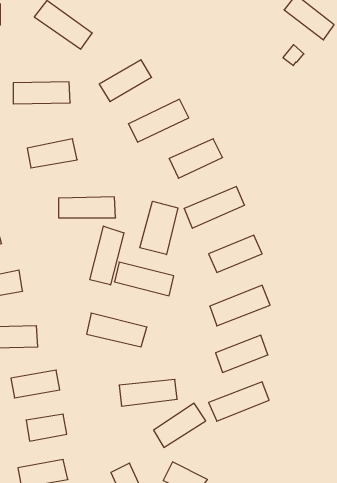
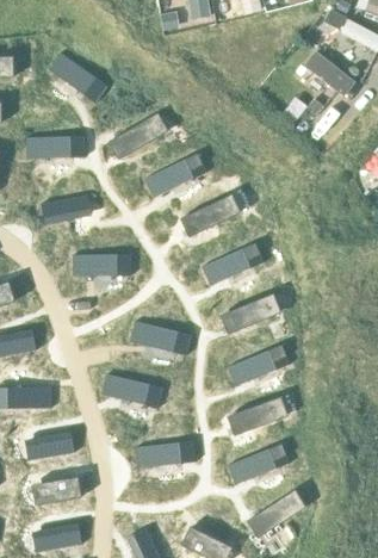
building: [140,201,178,255] -> none
building: [90,226,124,285] -> none
building: [154,403,206,447] -> [252,489,305,534]

